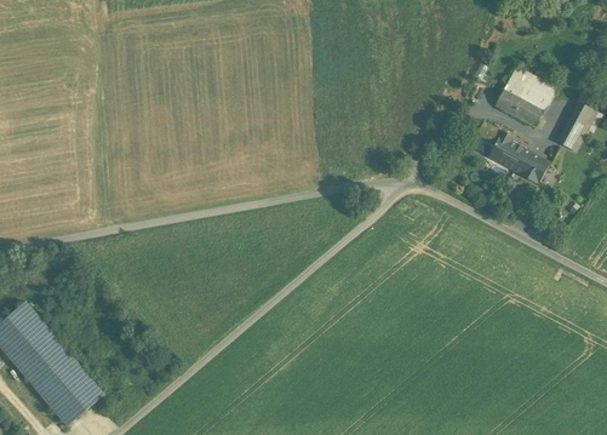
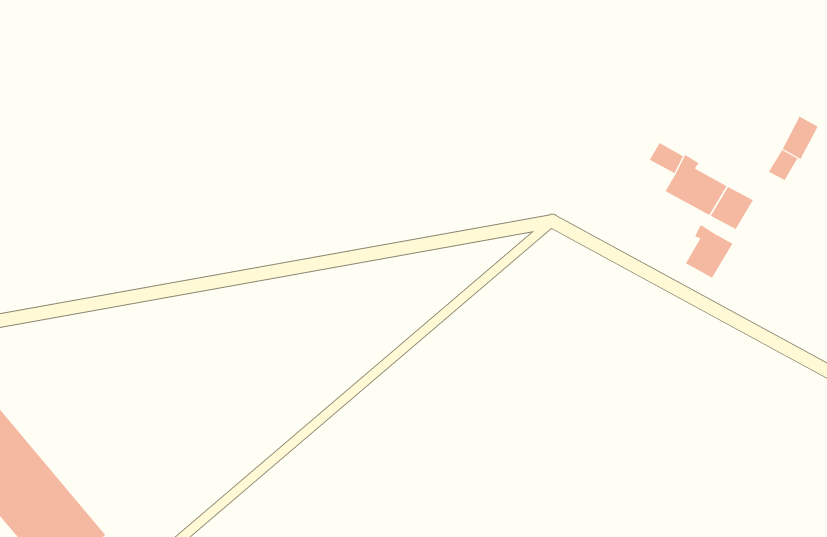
building: [494,68,556,127] -> none
building: none -> [685,225,733,278]

